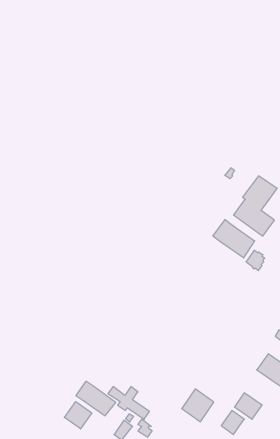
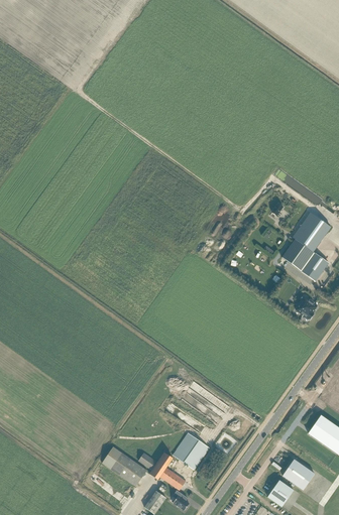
building: [213,220,255,258] -> none
building: [182,389,214,422] -> [173,431,209,469]
building: [64,402,92,429] -> none

